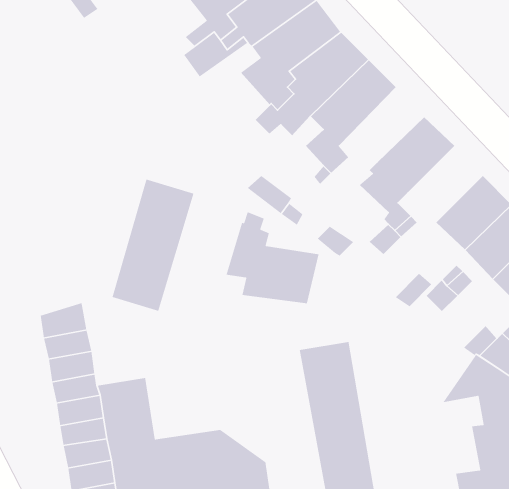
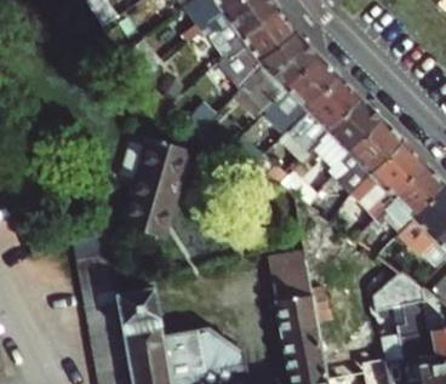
building: none -> [297,74,360,130]
building: none -> [348,118,404,174]
building: [226,211,320,304] -> none

